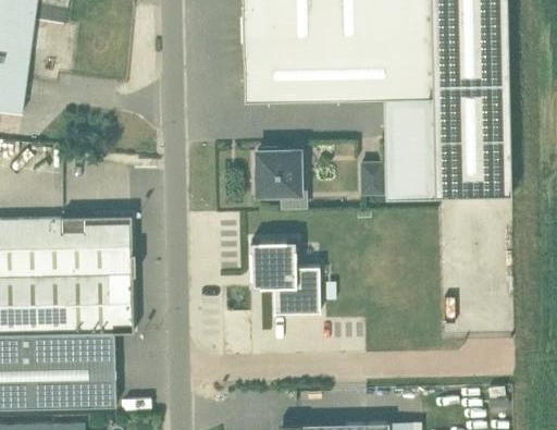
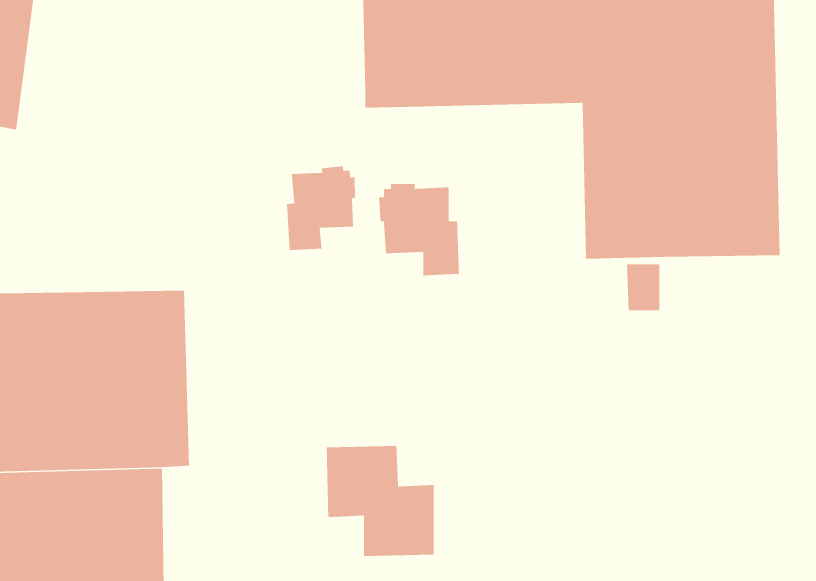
building: none -> [286,166,356,251]
building: [361,164,383,195] -> [626,264,660,311]
building: [250,242,320,314] -> [326,445,434,557]

